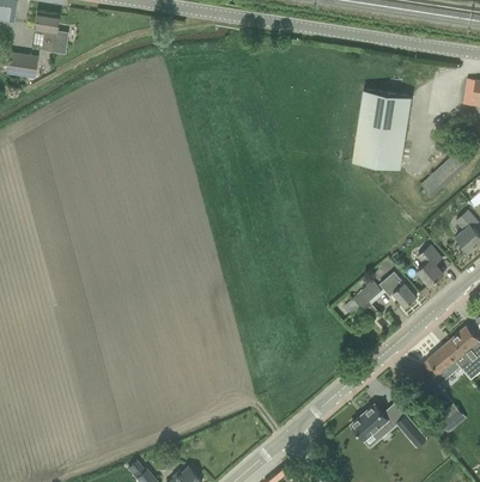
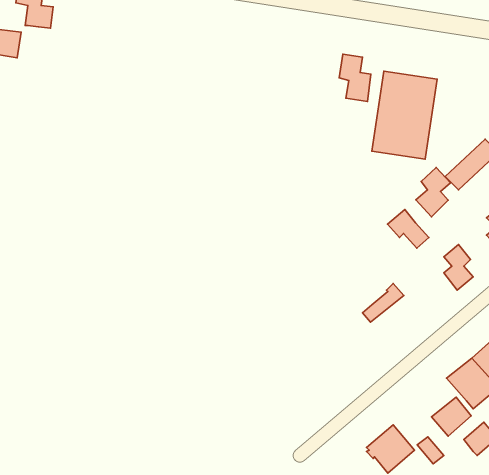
building: none -> [339,54,371,102]
building: none -> [416,167,450,217]
building: [379,270,417,305] -> [387,210,429,248]
building: none -> [431,397,471,436]

